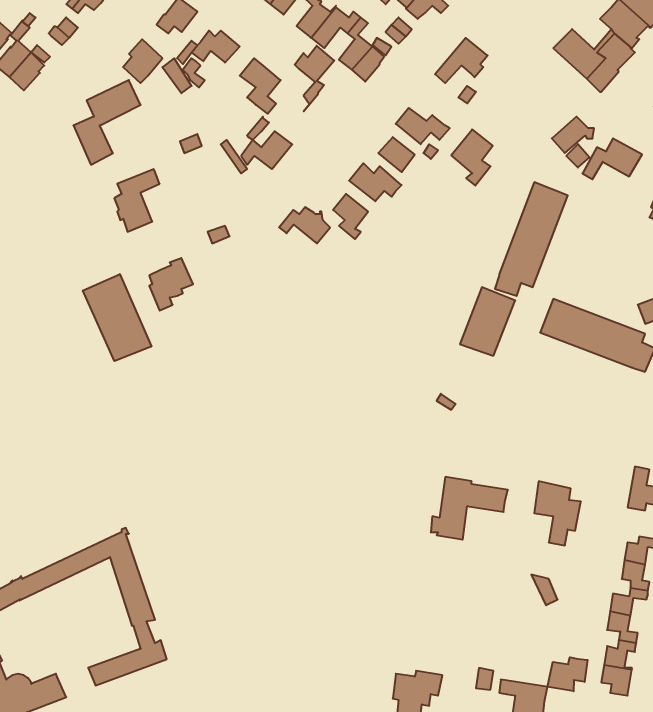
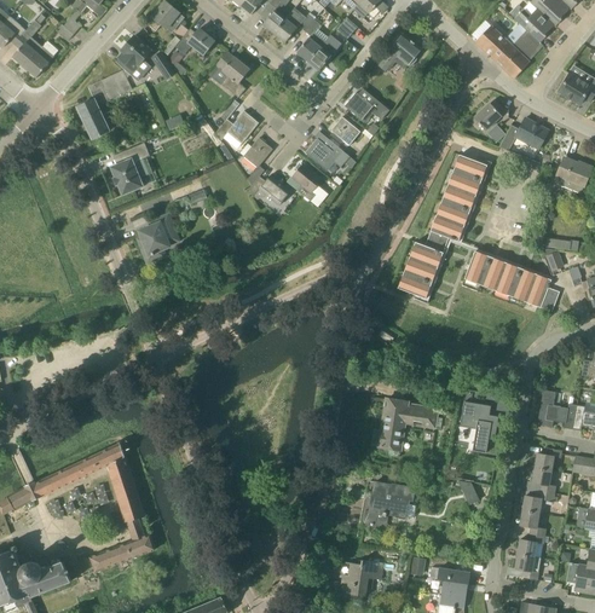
building: [295,46,334,111] -> [241,137,273,191]
building: [451,129,493,186] -> none
building: [83,274,151,361] -> none
building: none -> [359,480,414,525]
building: [547,657,588,691] -> none

